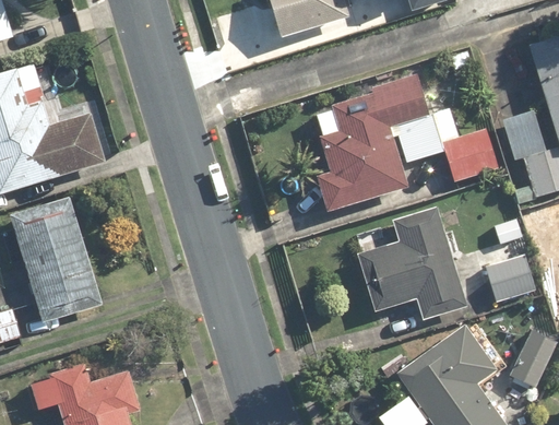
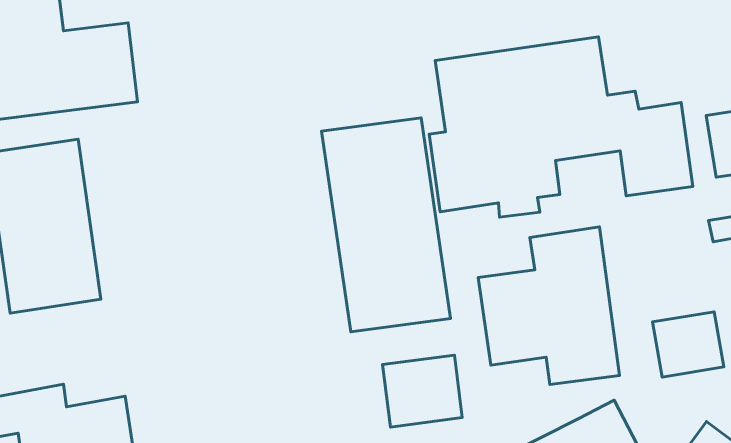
building: none -> [321,118,451,332]
building: none -> [383,355,462,427]

